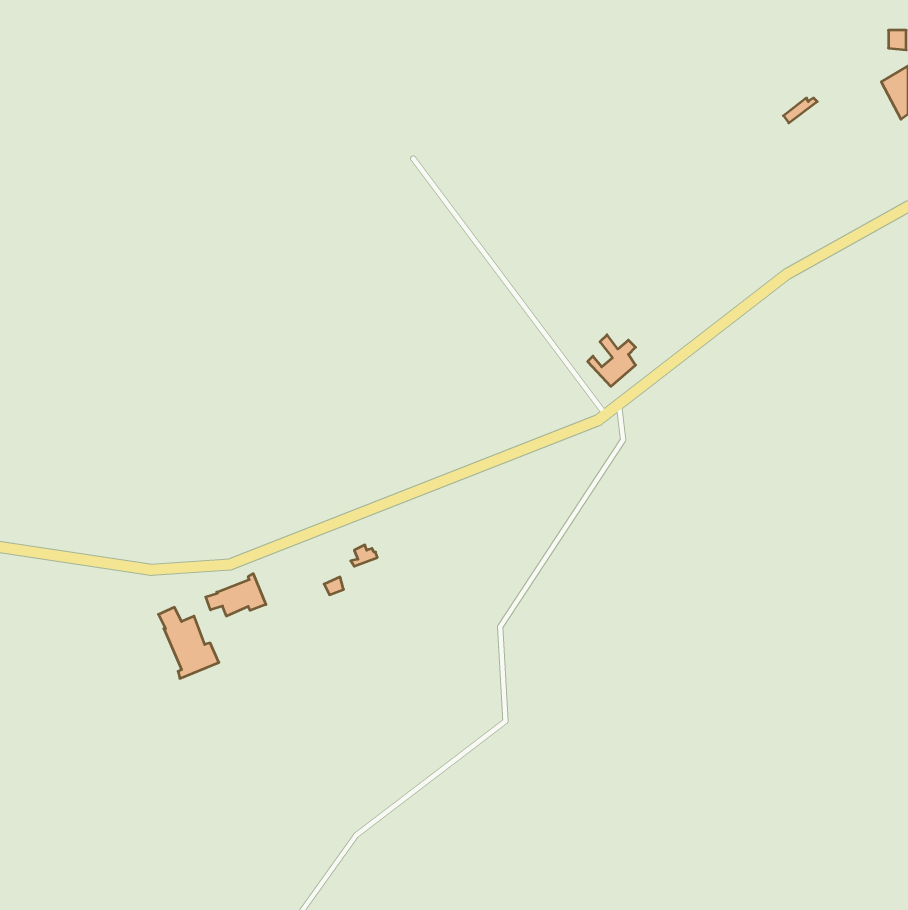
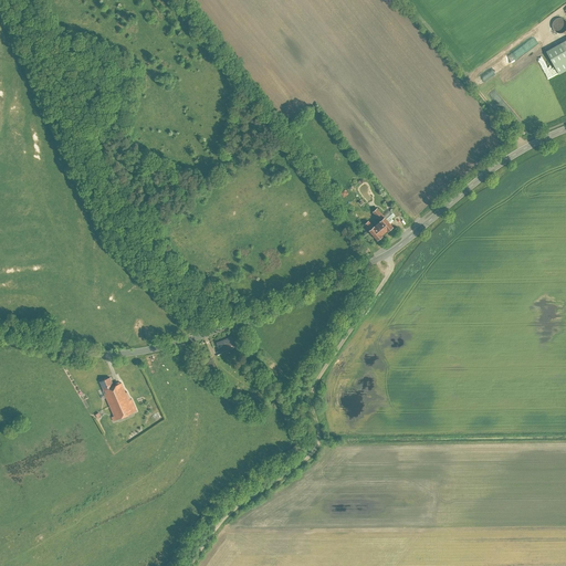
building: [206,574,266,616] -> none

